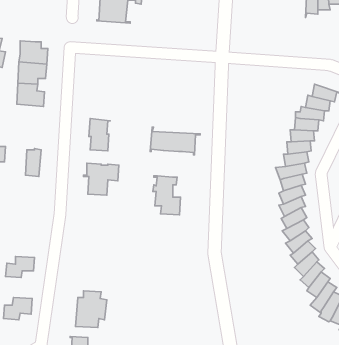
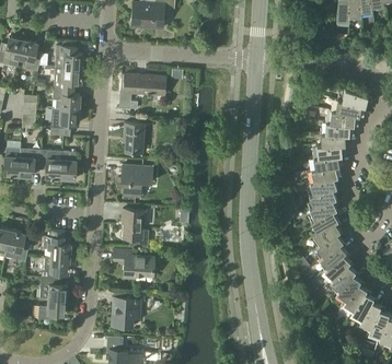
building: none -> [51,109,79,131]
building: [150,127,200,155] -> [119,71,169,98]
building: none -> [41,151,62,179]
building: [153,176,181,215] -> [122,211,149,249]
building: none -> [44,232,71,260]
building: none -> [114,253,154,281]
building: none -> [41,279,68,301]

